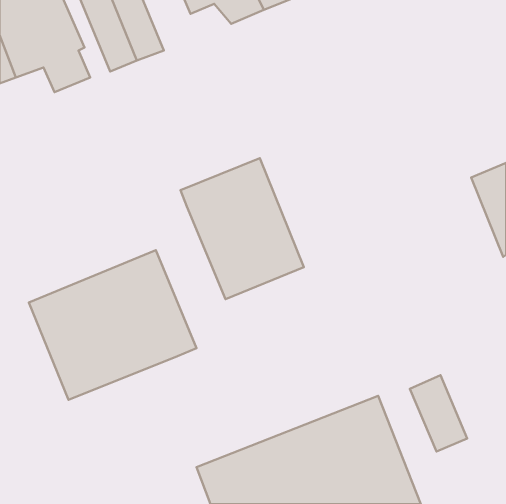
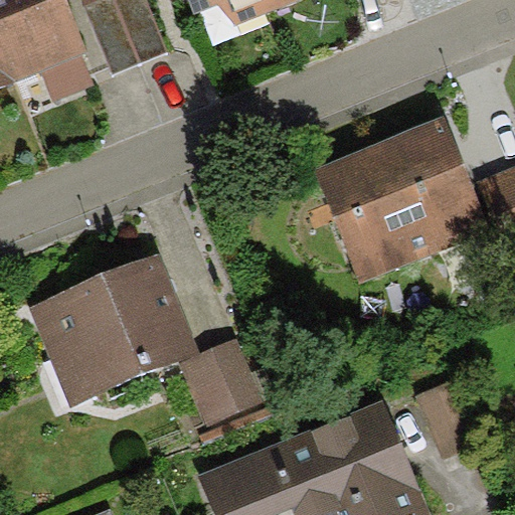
building: none -> [313,117,490,284]
building: [180,158,304,299] -> none
building: none -> [180,337,265,426]

